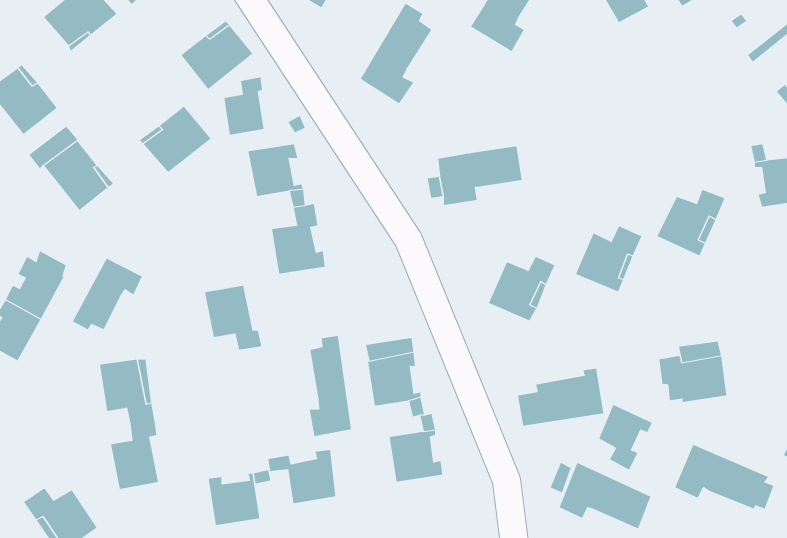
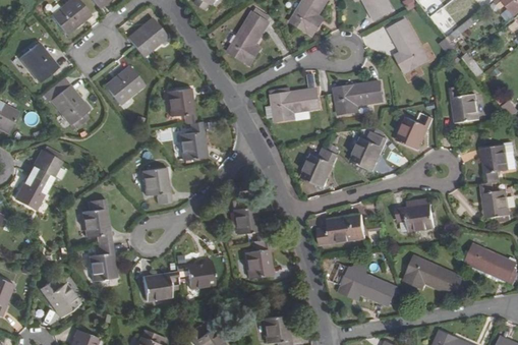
building: none -> [388,18,427,72]
building: [224,76,264,136] -> none
building: none -> [334,81,383,113]
building: [72,258,143,330] -> none
building: [309,335,352,437] -> none
building: [599,404,652,470] -> none

